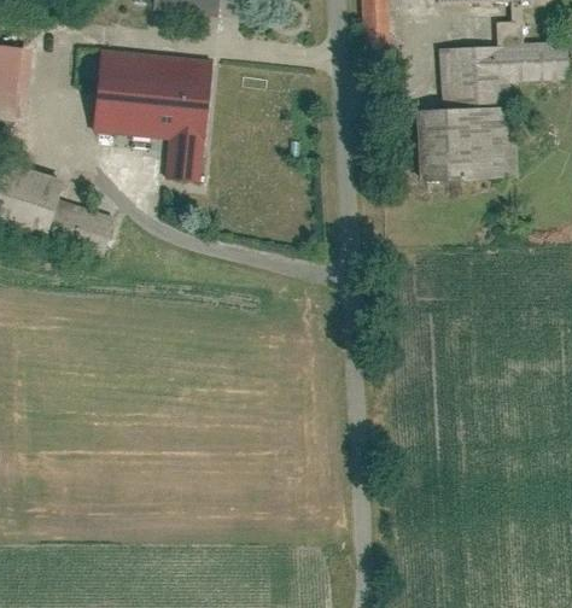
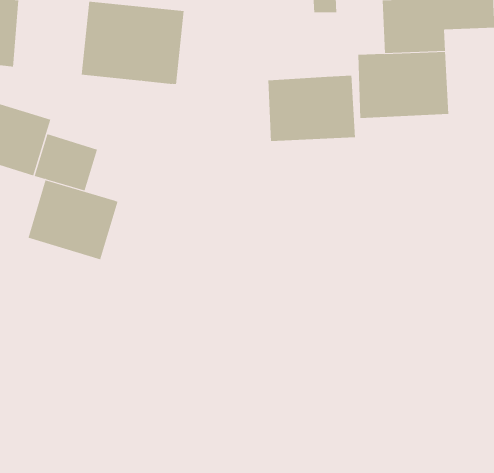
building: none -> [268,75,356,142]
building: [164,139,203,181] -> none
building: none -> [28,179,118,260]

